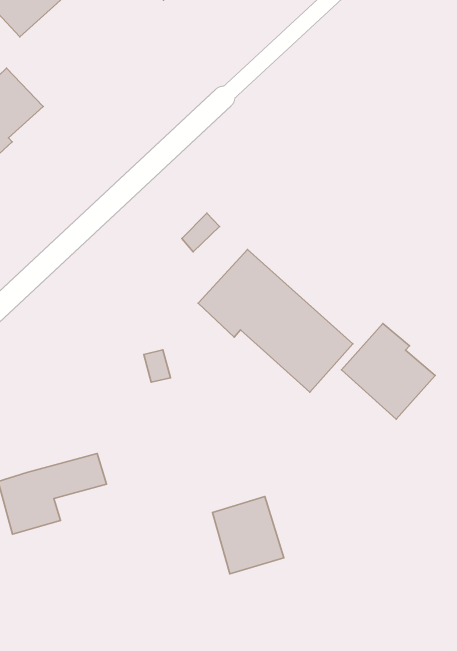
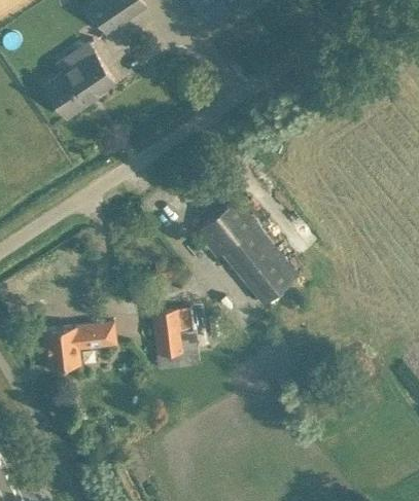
building: [341,323,435,419] -> none
building: [213,497,284,574] -> [152,308,196,356]

